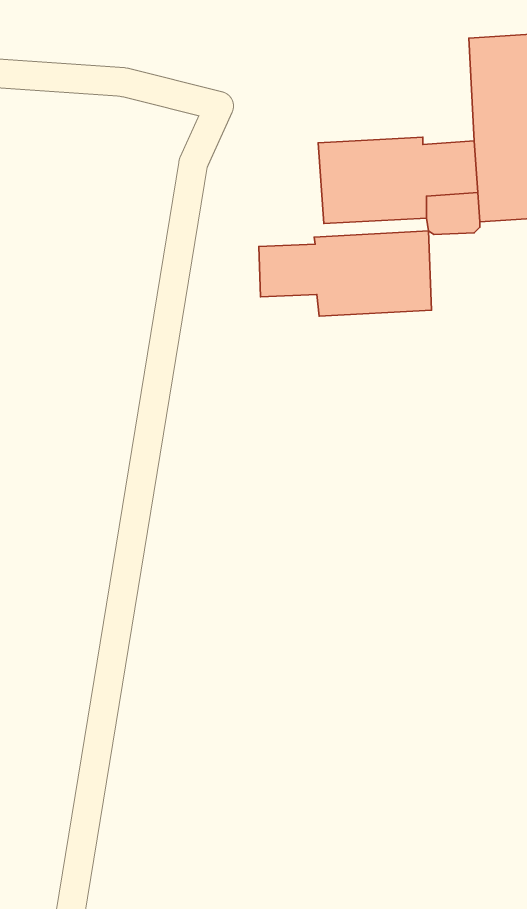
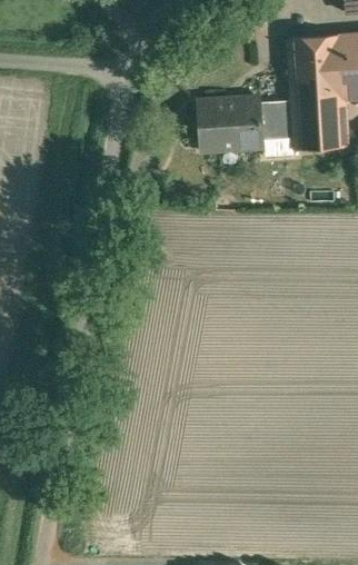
building: [259,231,431,316] -> none

